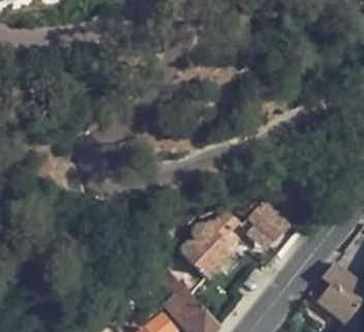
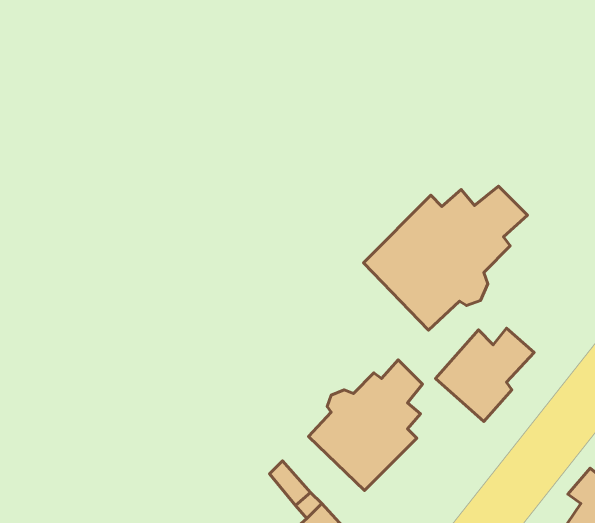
building: none -> [363,186,527,330]

